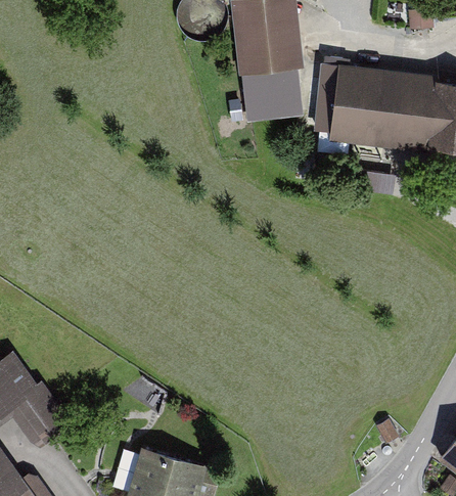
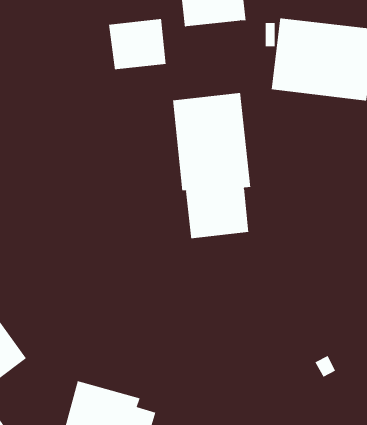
building: [242,69,304,123] -> [108,19,167,70]
building: none -> [172,92,251,239]

